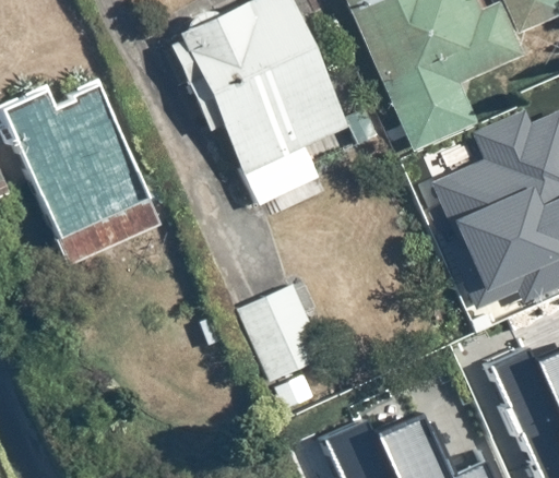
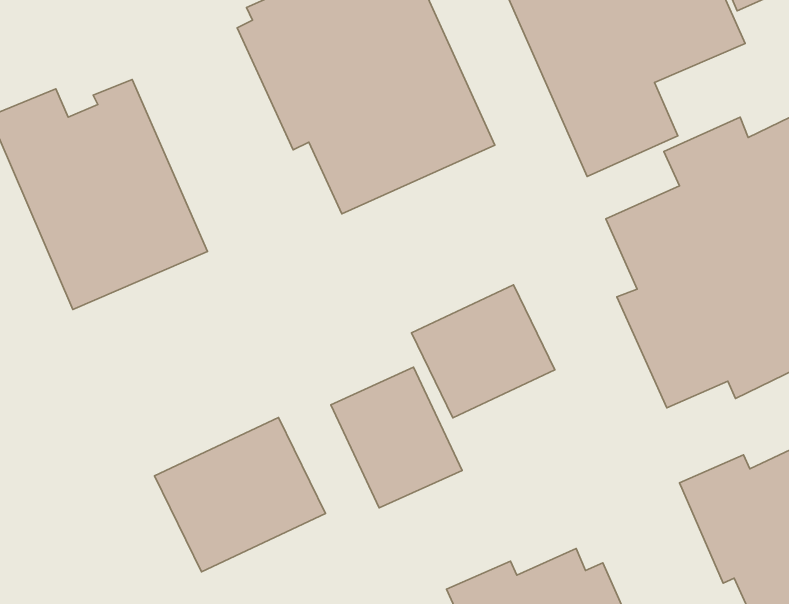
building: none -> [412,285,555,418]
building: none -> [155,417,325,572]

